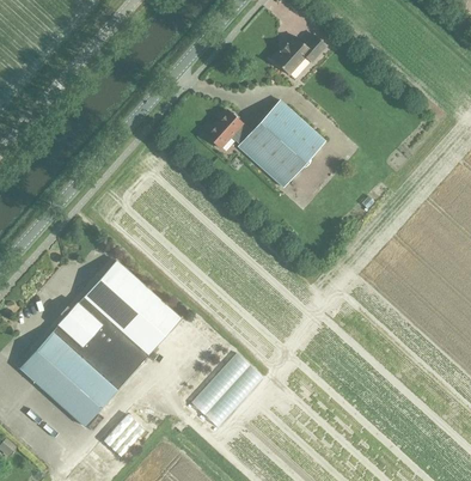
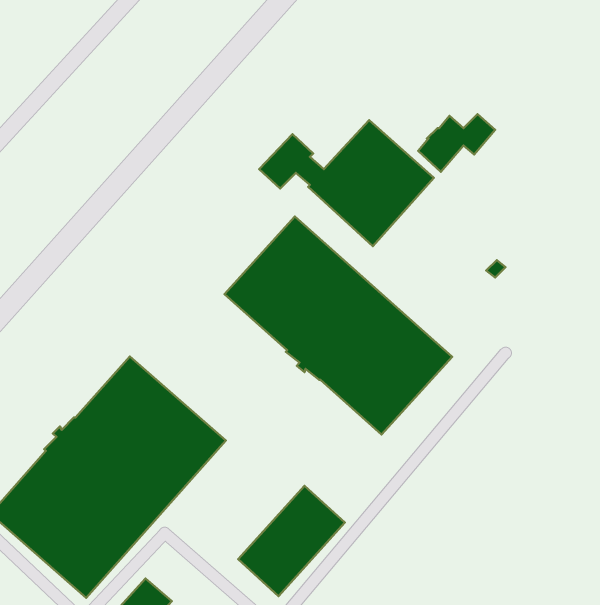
building: [273,34,325,73] -> [418,114,495,172]
building: none -> [224,217,452,434]

